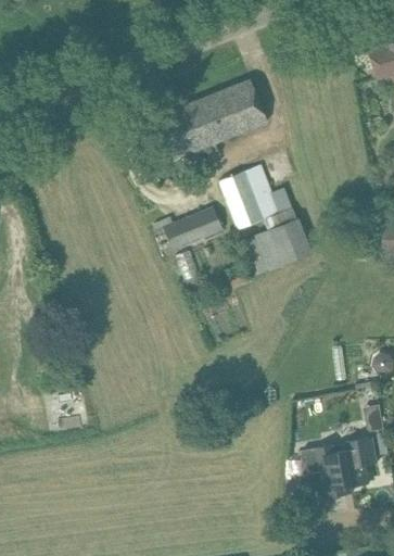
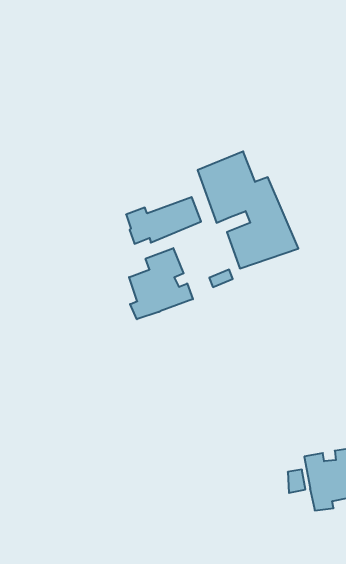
building: [151,79,266,161] -> none
building: none -> [129,248,193,319]

